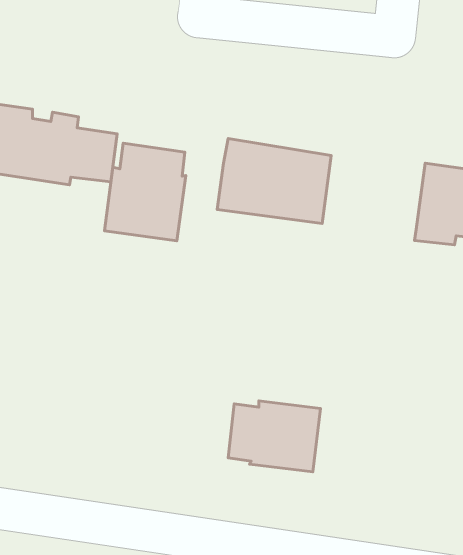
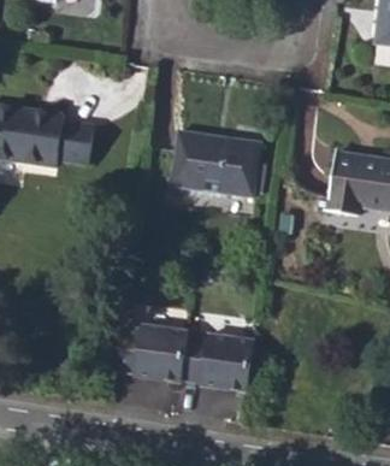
building: [104,143,186,241] -> none
building: none -> [113,326,185,382]

